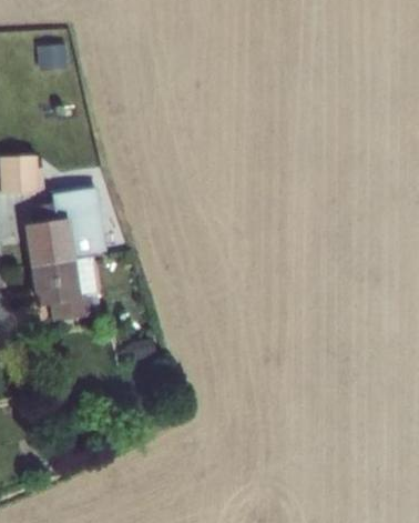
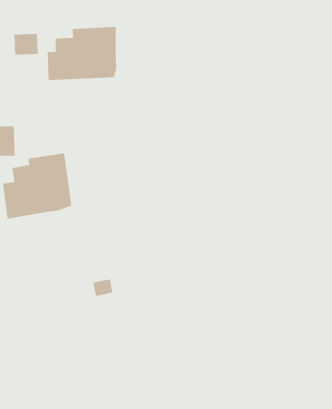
building: none -> [47,26,117,81]
building: [30,257,100,321] -> none

